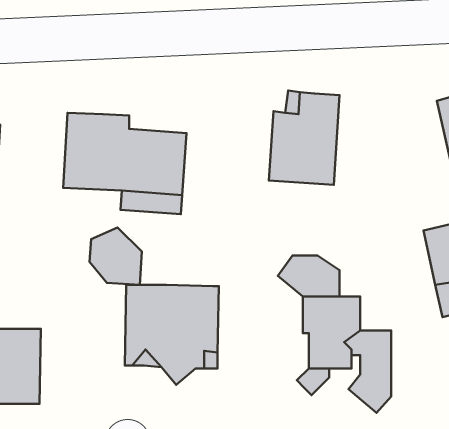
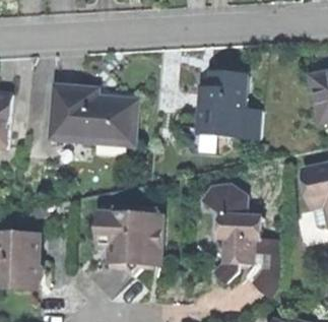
building: [90,227,142,285] -> none

